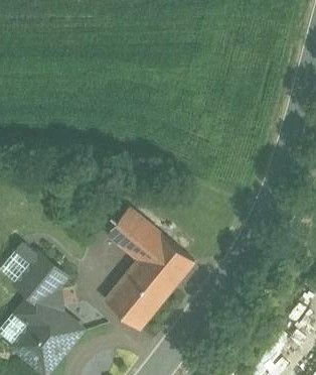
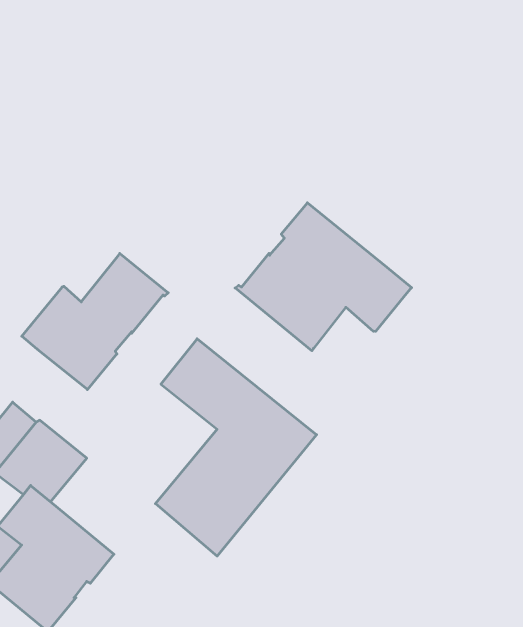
building: none -> [235,203,412,351]
building: none -> [22,253,168,390]

